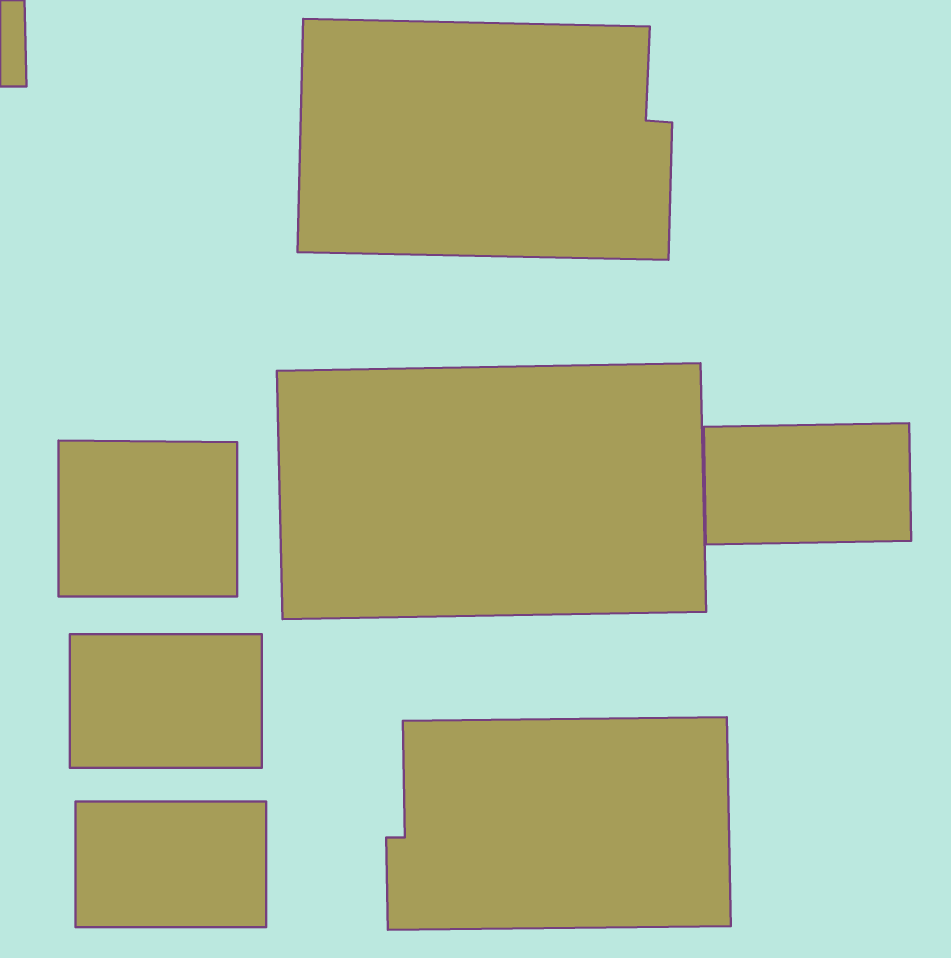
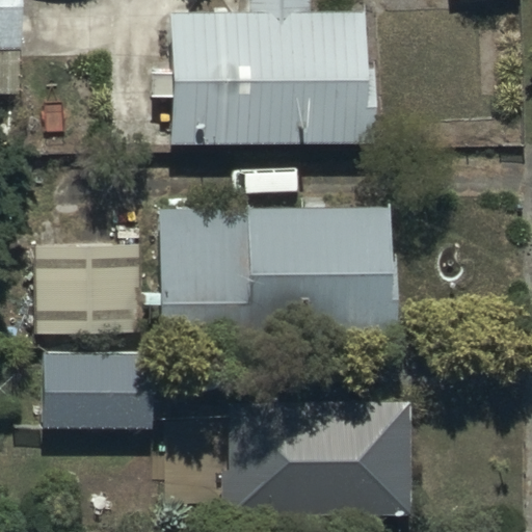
building: [704,423,911,545] -> none
building: [75,801,266,927] -> none

